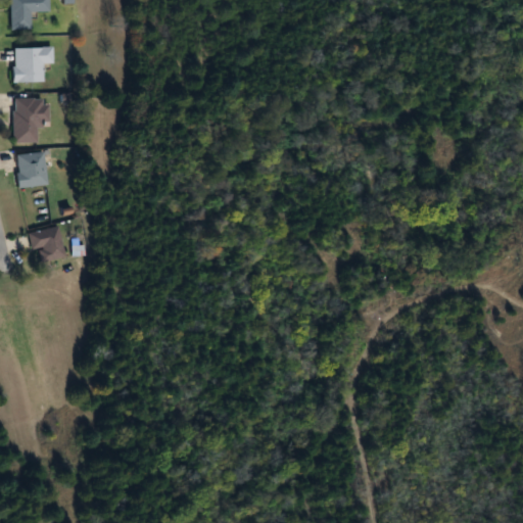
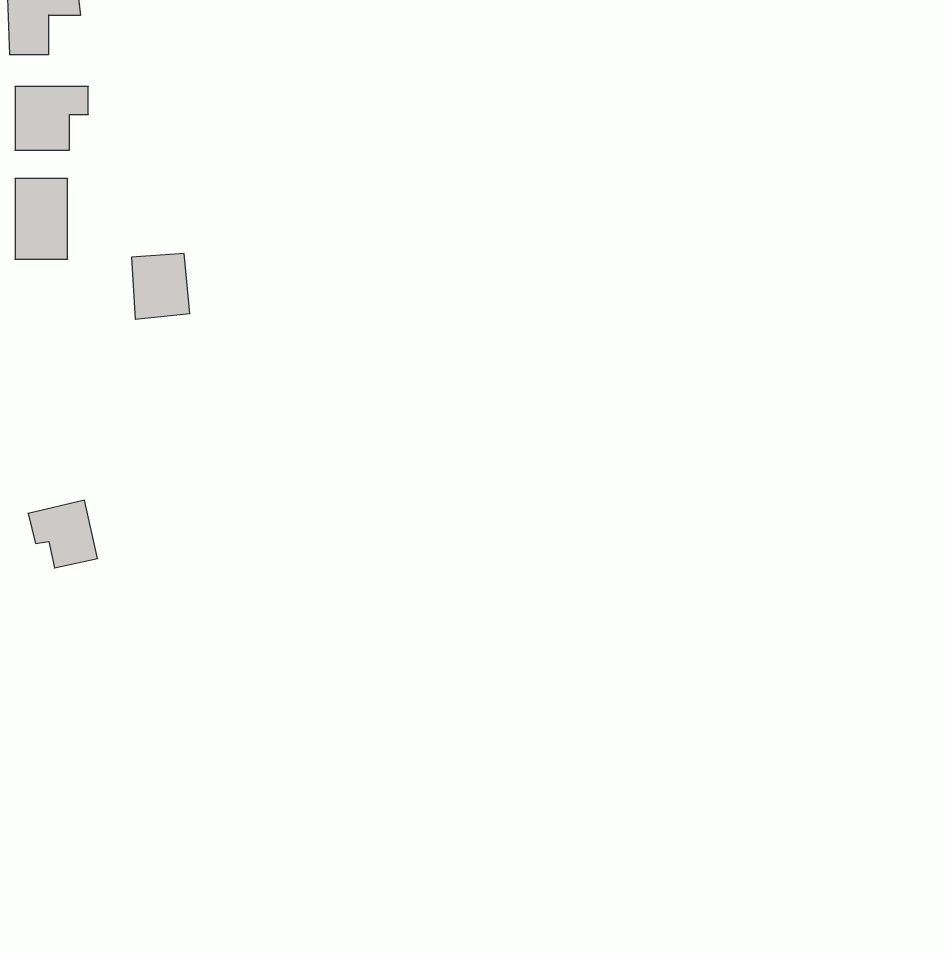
building: [16,151,48,187] -> [132,254,190,319]
building: [29,225,66,262] -> [28,500,98,568]

